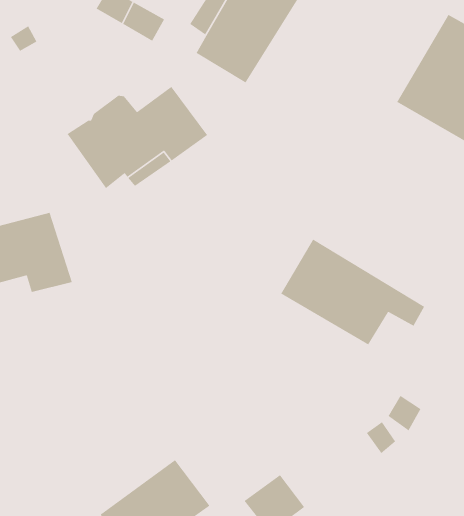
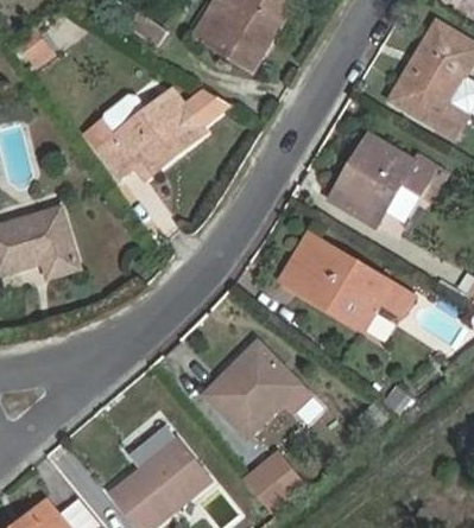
building: none -> [327,132,436,229]
building: none -> [198,336,315,439]

